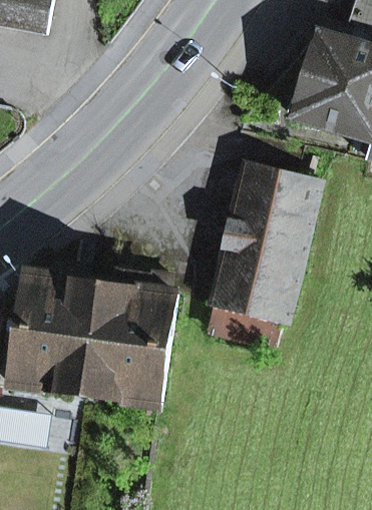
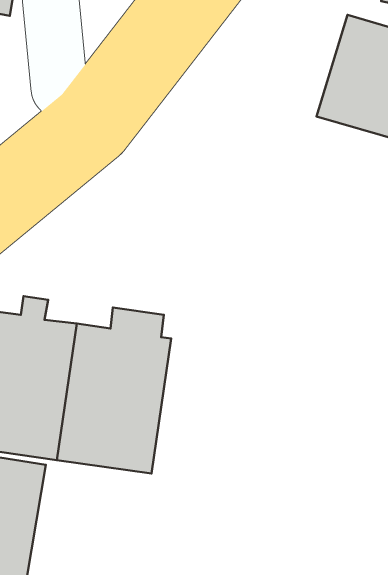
building: [210,160,316,320] -> none

